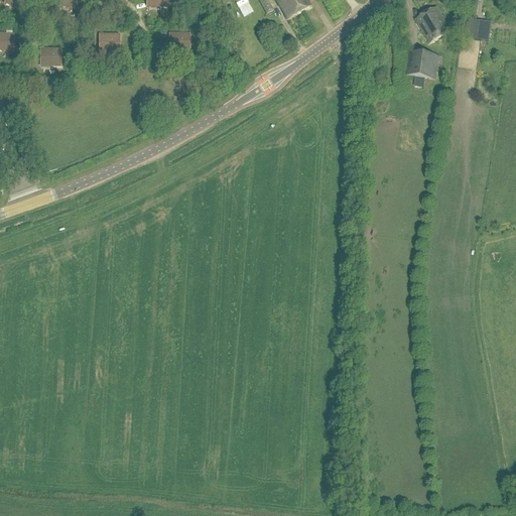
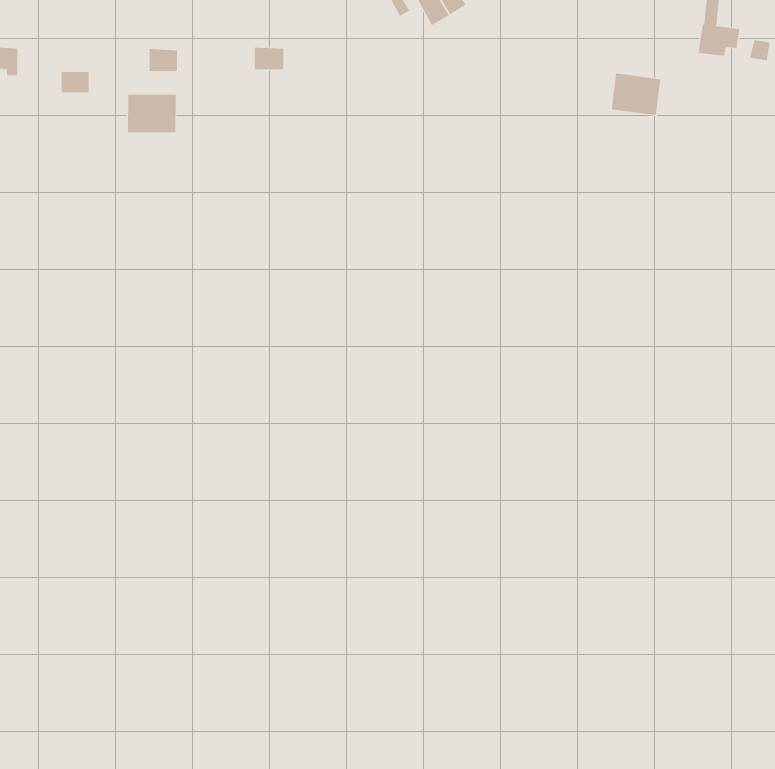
building: [414,4,450,41] -> none
building: none -> [128,94,176,133]

